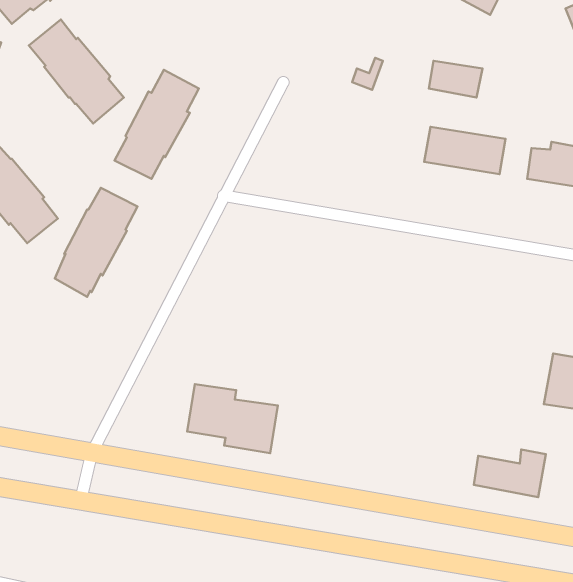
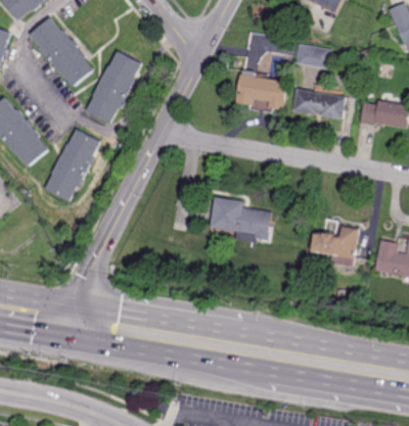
building: none -> [234,72,287,110]
building: [187,384,278,453] -> [208,196,268,242]
building: [474,450,546,497] -> [310,227,358,258]

